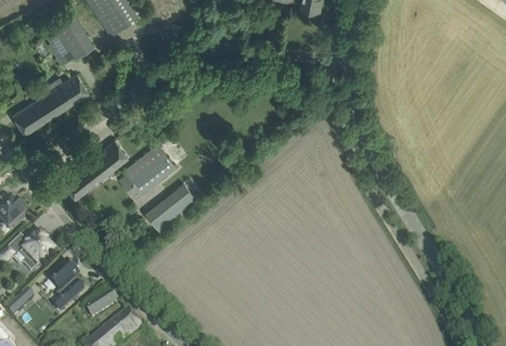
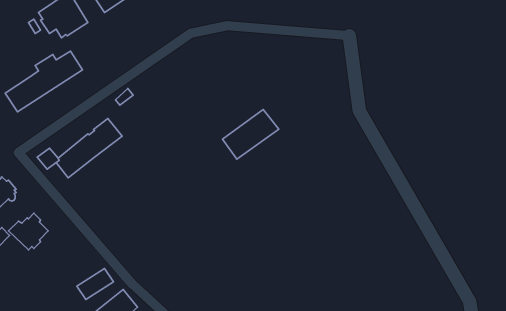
building: [124,142,176,193] -> none
building: [144,181,199,230] -> [222,109,279,159]
building: [49,260,83,305] -> none

